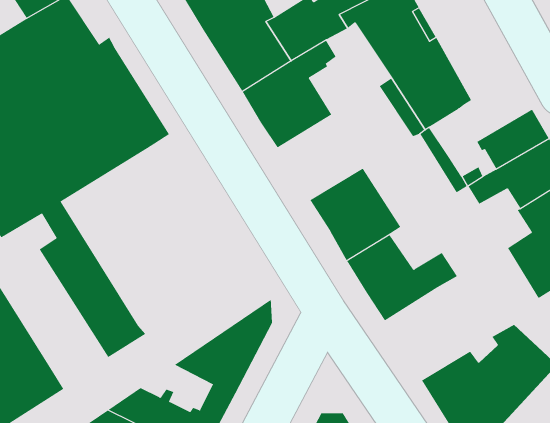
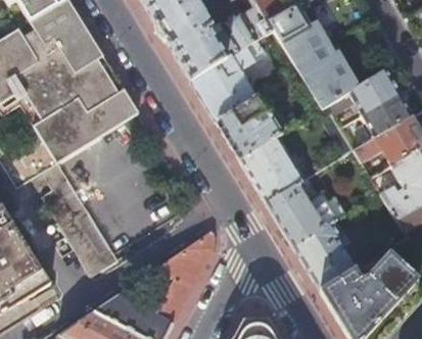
building: none -> [347,68,401,116]
building: none -> [216,95,283,159]
building: none -> [293,223,356,290]

